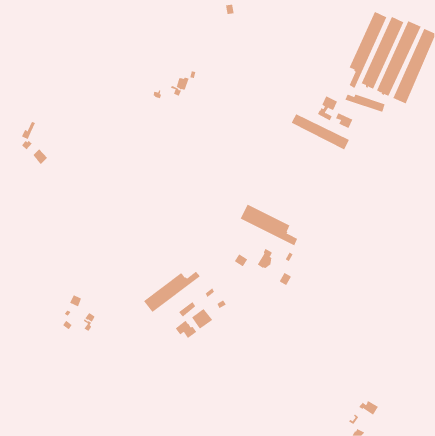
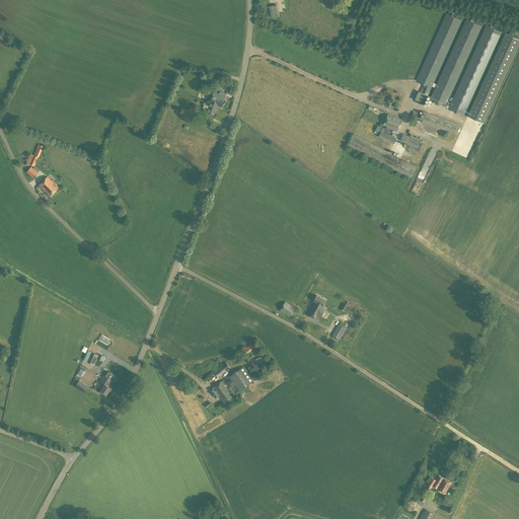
building: [240,204,298,246] -> none
building: [143,271,201,313] -> none

